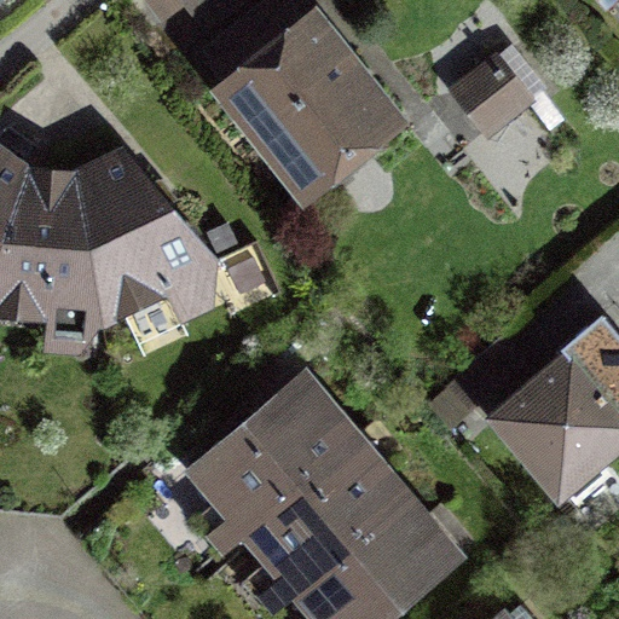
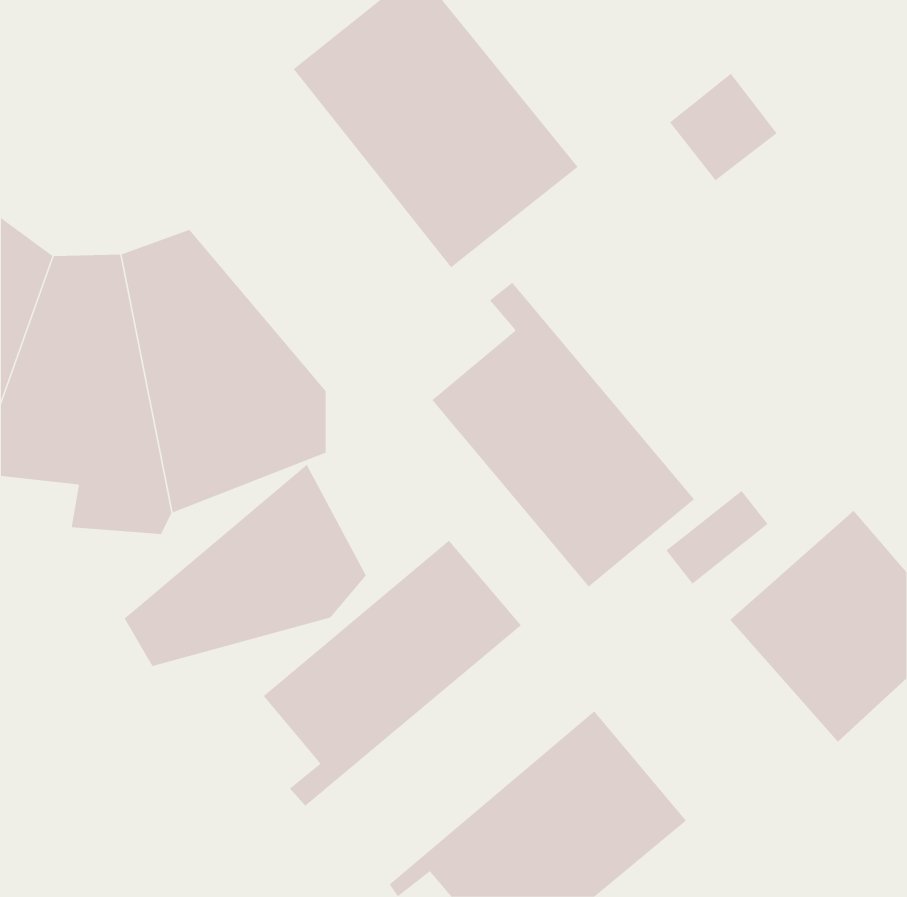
building: none -> [431,282,695,587]
building: none -> [124,464,367,667]
building: [208,426,405,602] -> none

